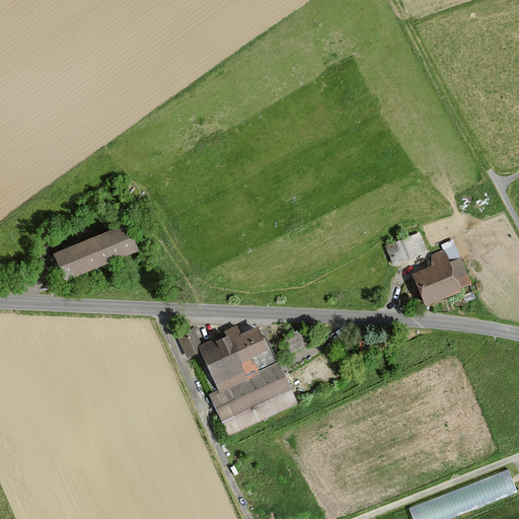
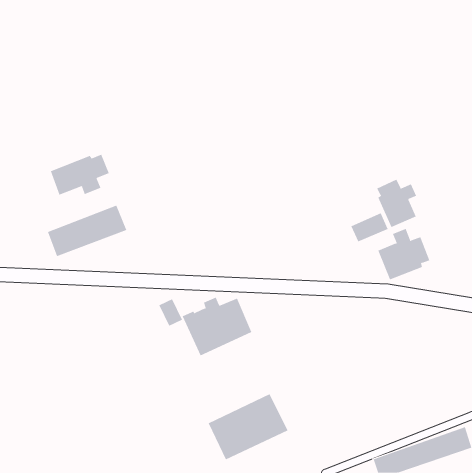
building: none -> [50,154,109,196]
building: none -> [377,179,417,228]
building: [208,363,296,436] -> [208,393,289,460]

